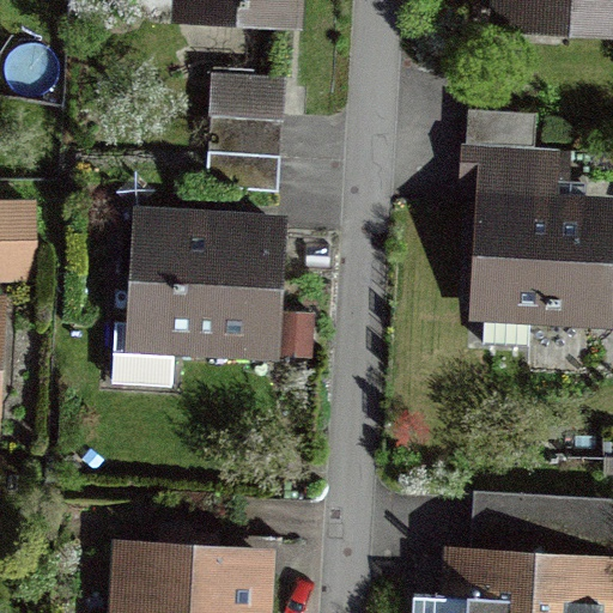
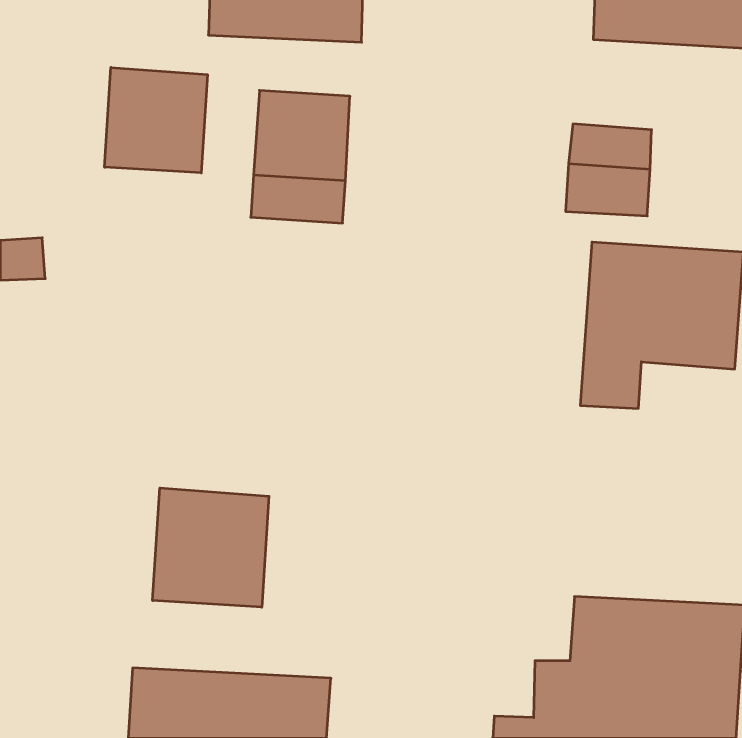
building: none -> [105,67,207,173]
building: [127,214,284,365] -> none
building: none -> [153,488,269,607]

